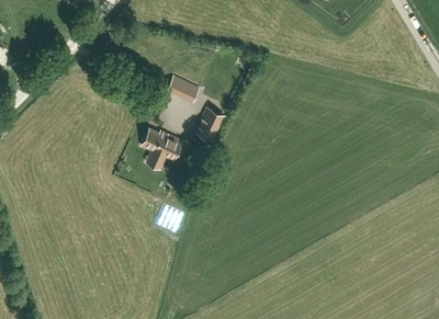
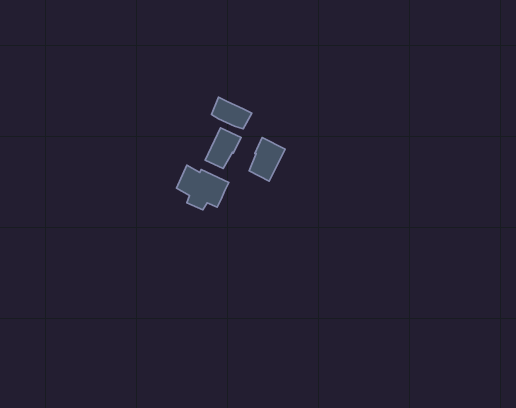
building: none -> [205,128,241,169]

